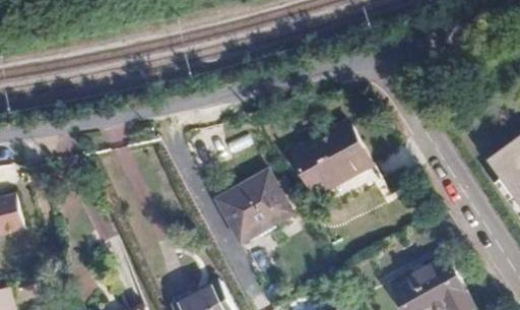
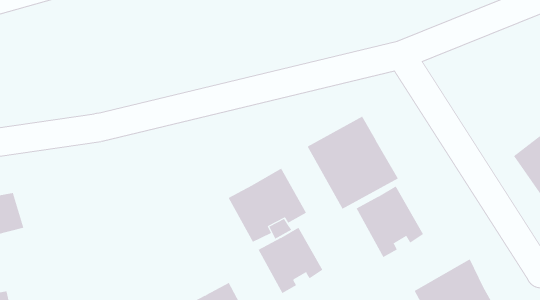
building: none -> [356,186,424,258]
building: none -> [258,227,323,294]

